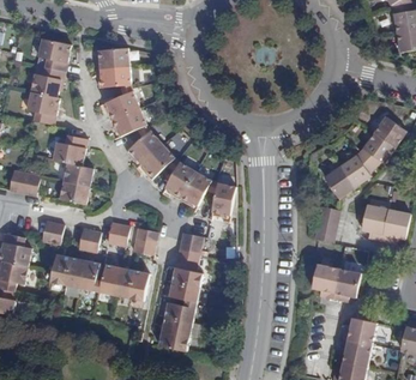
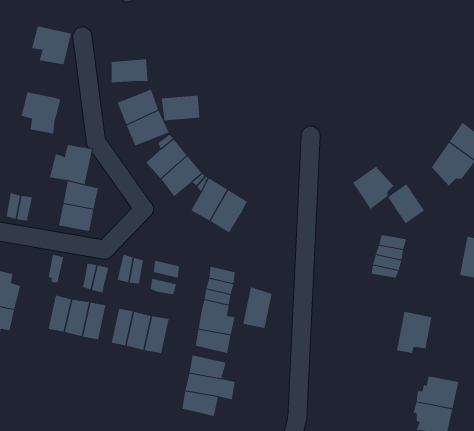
building: [100,48,131,68] -> [161,95,200,121]
building: [35,67,65,97] -> none
building: [338,152,372,187] -> [352,166,394,210]
building: [212,182,236,216] -> [243,286,273,328]
building: [360,204,386,239] -> none
building: [308,264,336,298] -> none

